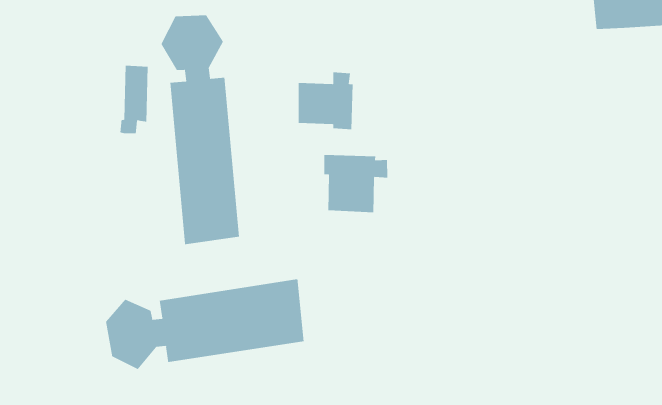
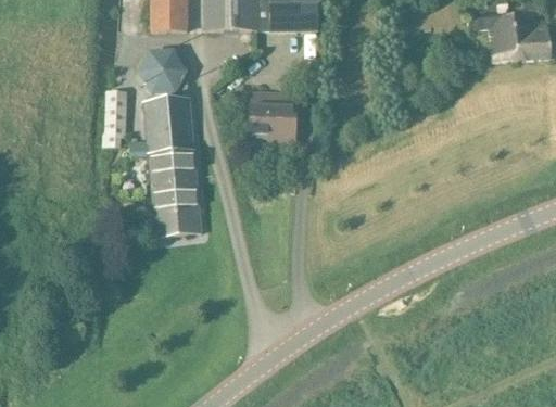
building: [324,154,388,213] -> none
building: [106,278,304,370] -> none

